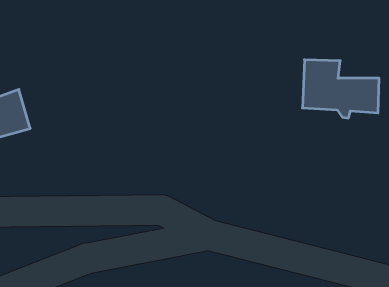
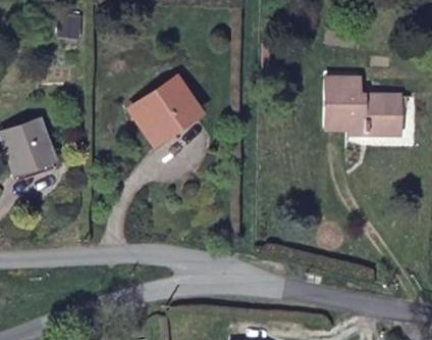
building: none -> [141,90,194,140]

